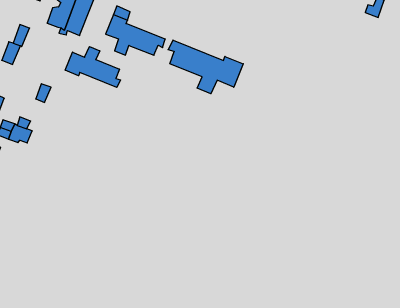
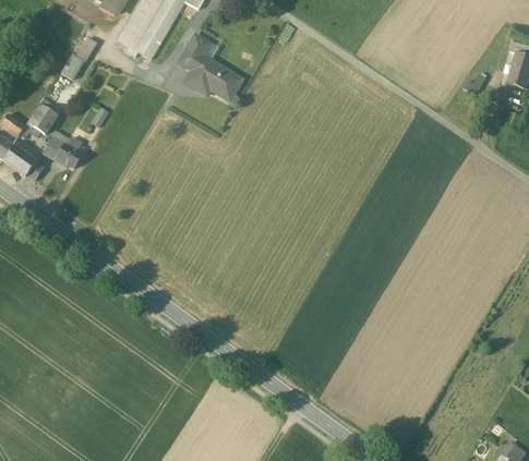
building: [168,40,243,94] -> none
building: [65,47,121,87] -> none

